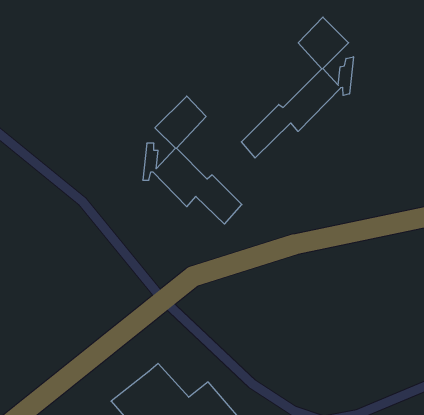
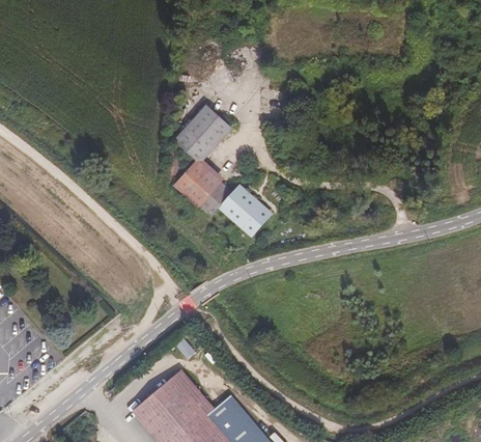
building: [241,17,353,158] -> none

